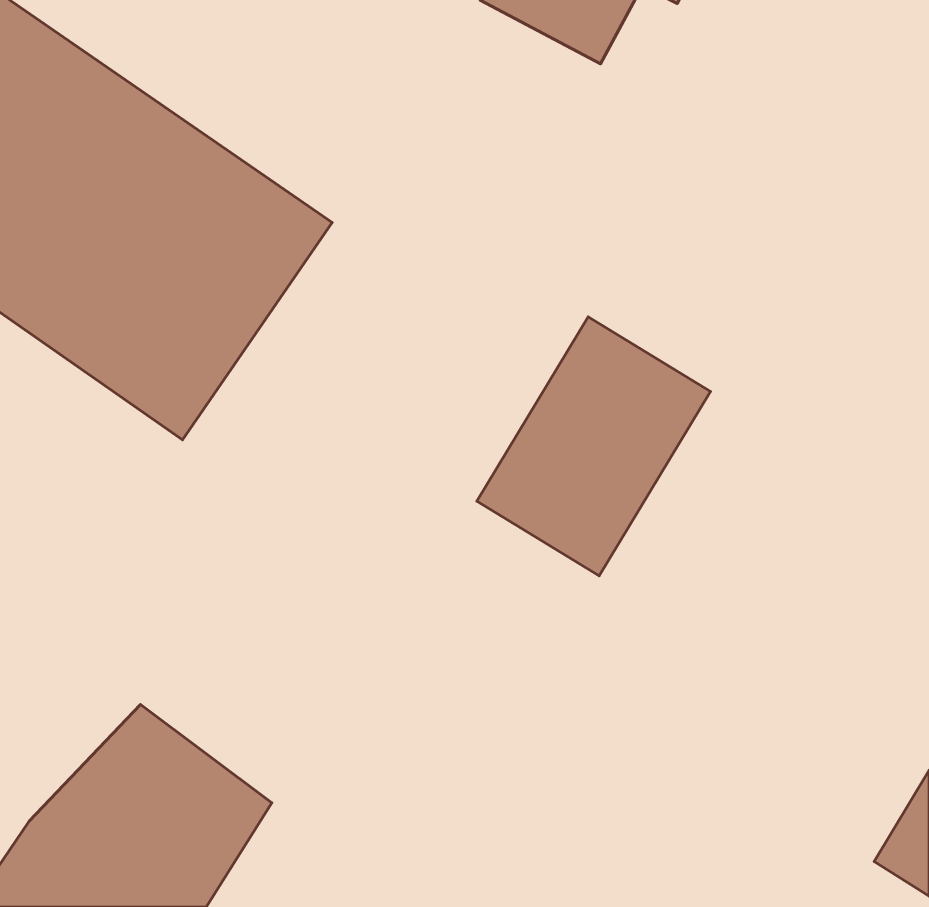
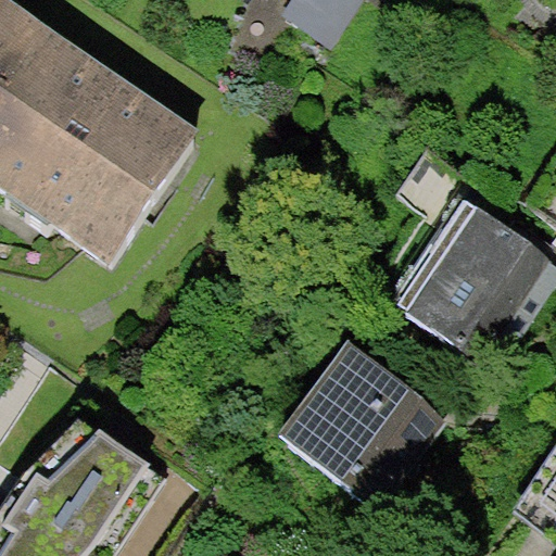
building: [477,317,710,576] -> [395,198,534,352]
building: none -> [279,344,442,506]

